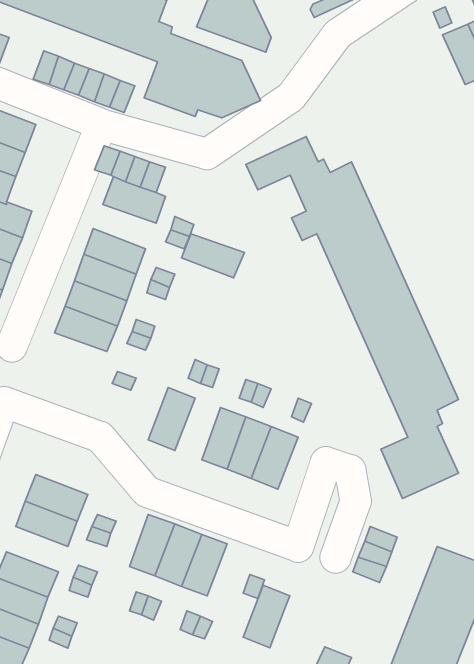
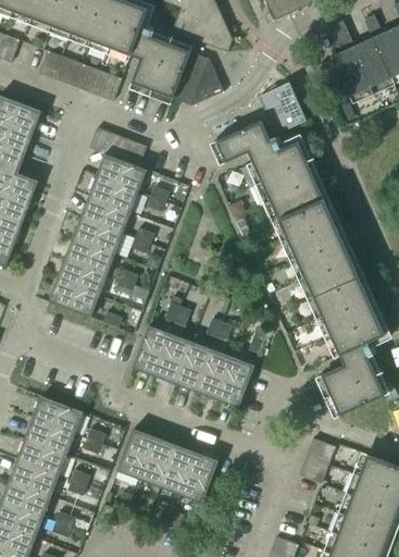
building: none -> [331,20,390,96]
building: none -> [259,82,307,134]
building: [181,234,244,278] -> [88,175,139,211]
building: none -> [49,280,99,317]
building: none -> [154,333,191,383]
building: none -> [17,437,67,474]
building: [243,585,290,648] -> [180,451,219,503]

